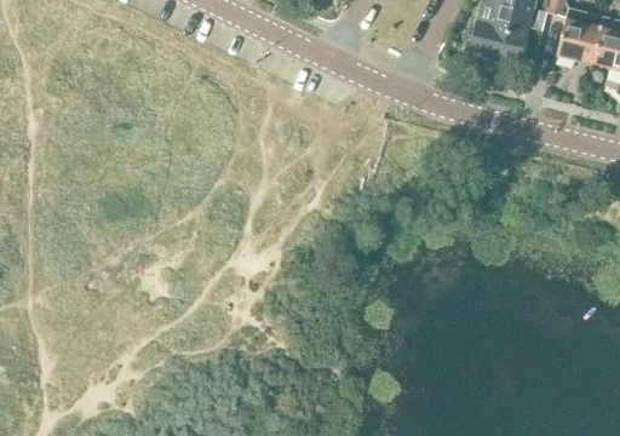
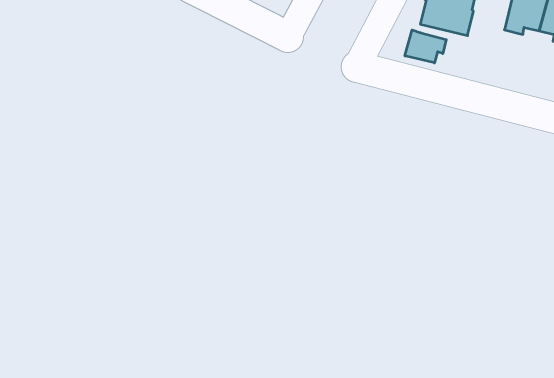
building: none -> [405,30,446,63]

